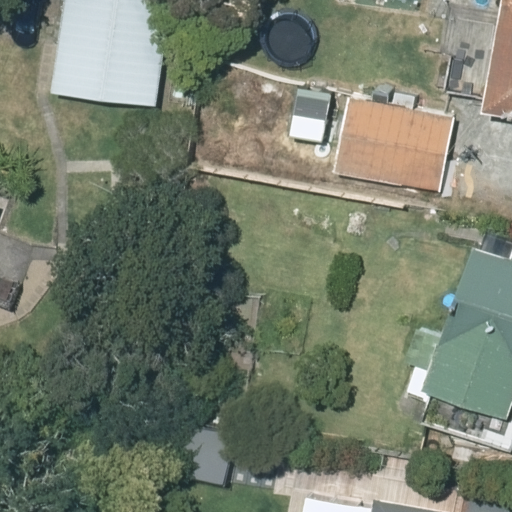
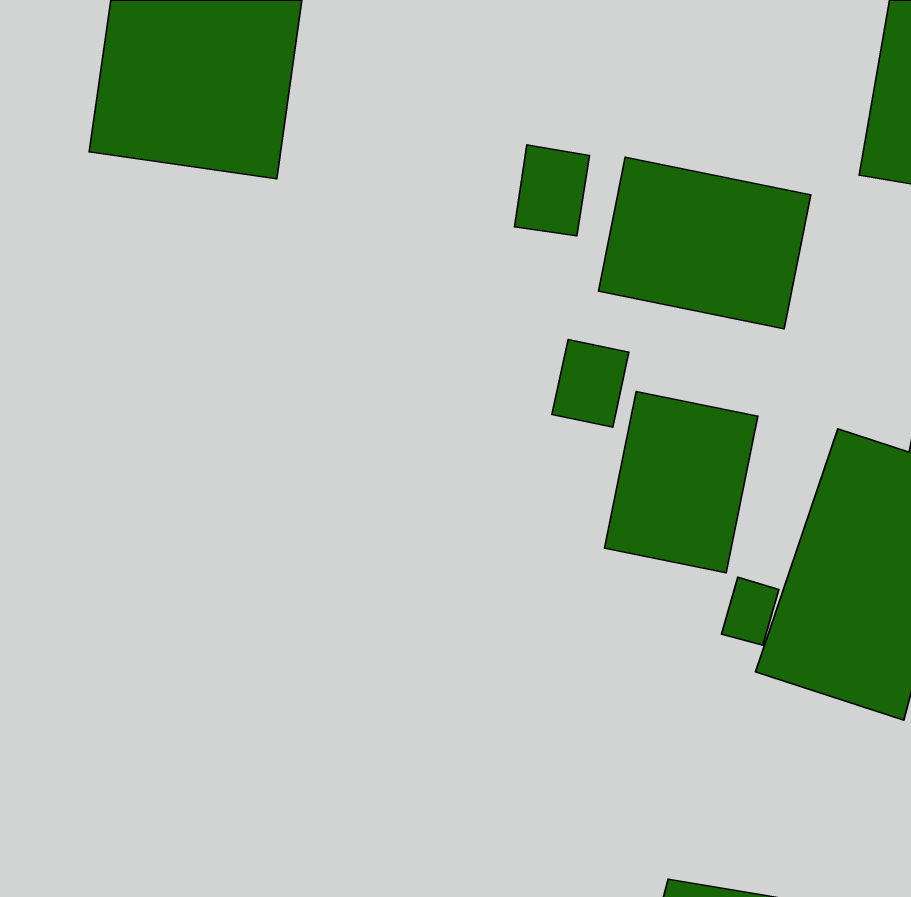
building: none -> [605,391,758,573]

